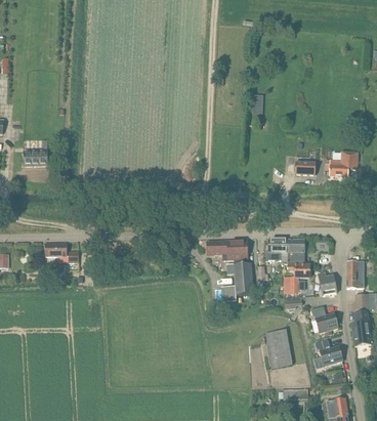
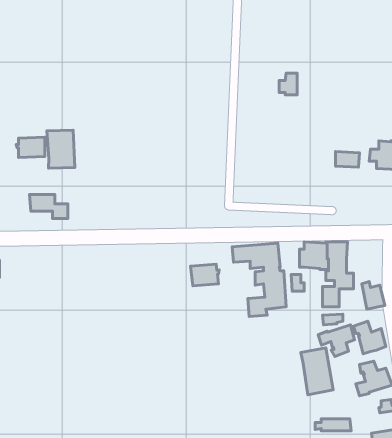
building: none -> [47,130,75,168]
building: [45,242,78,262] -> [30,194,68,218]
building: none -> [190,264,219,286]
building: none -> [318,325,354,357]

